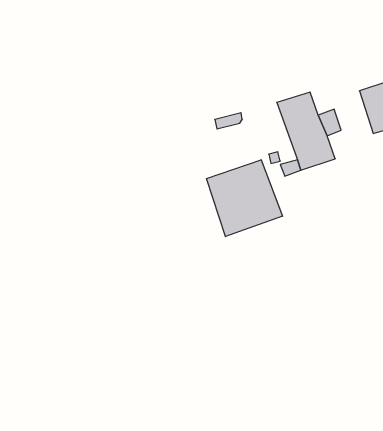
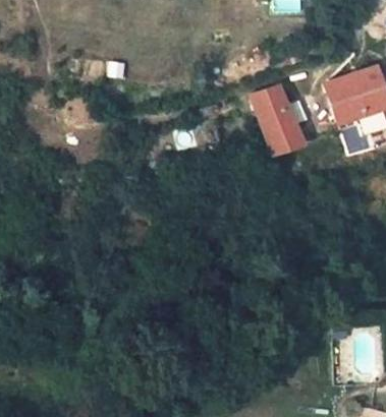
building: [206,160,283,237] -> none

